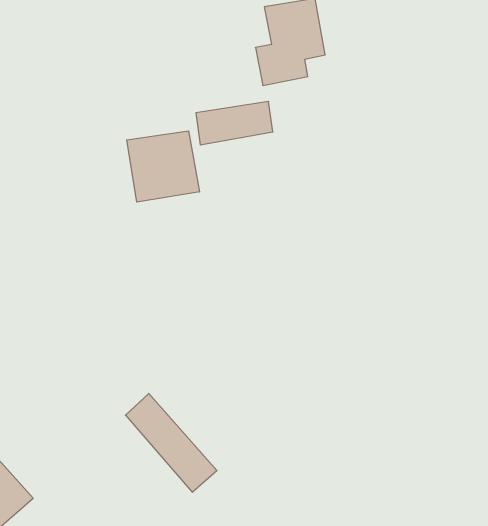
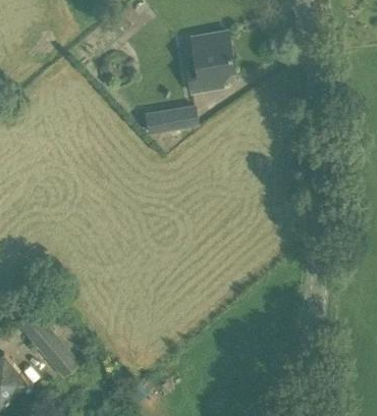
building: [127,131,199,202] -> none
building: [125,393,217,492] -> [16,308,80,377]

